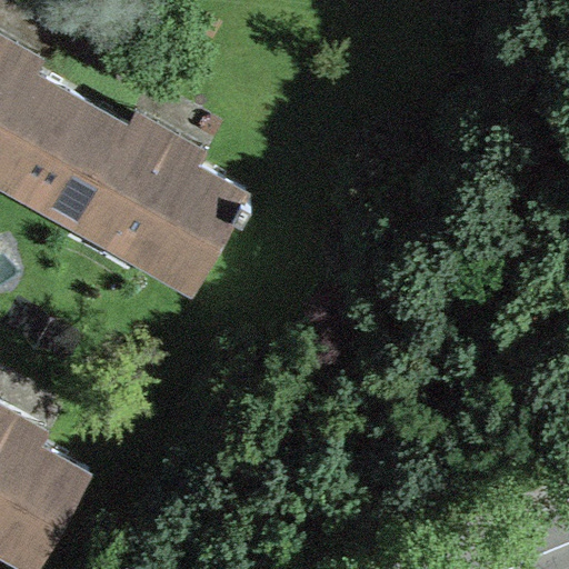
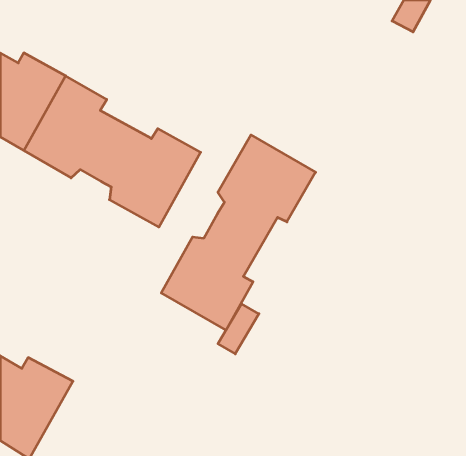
building: none -> [161,135,316,330]

